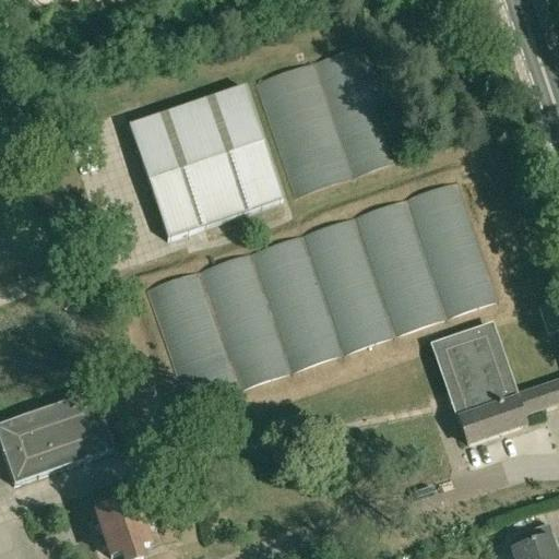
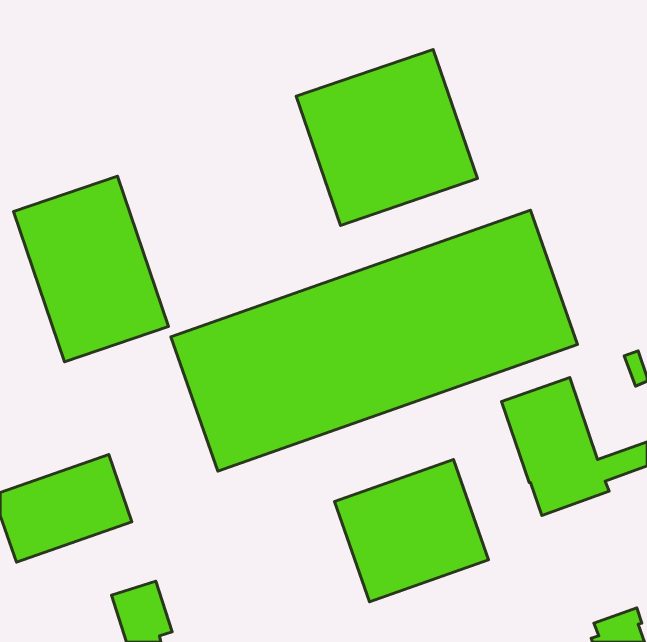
building: [128,85,283,240] -> none
building: none -> [13,176,168,362]
building: none -> [334,460,489,602]

